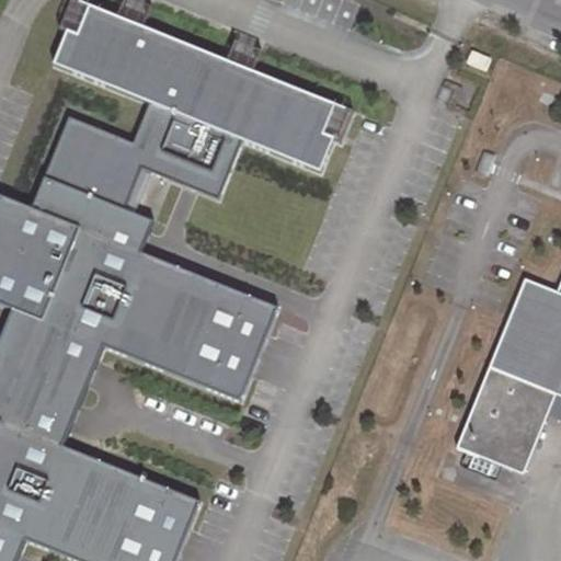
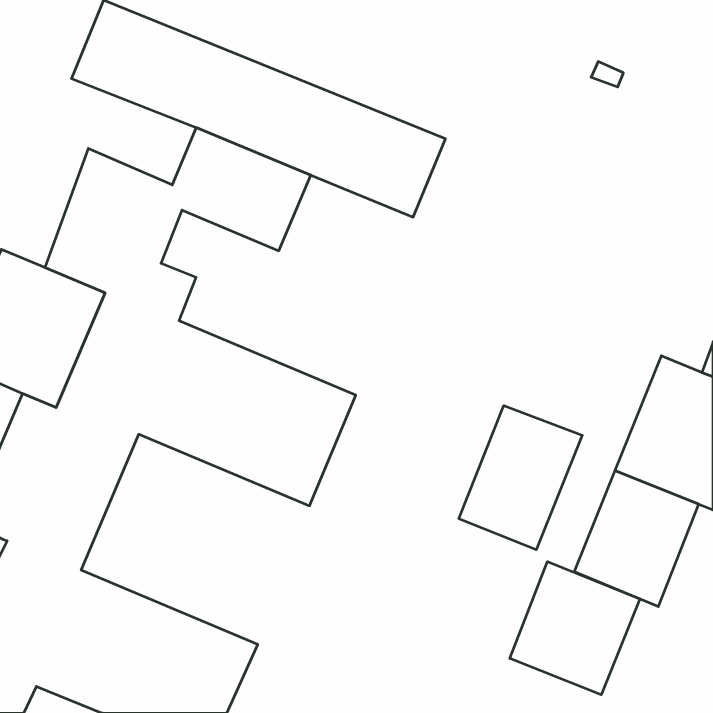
building: none -> [459,406,582,550]
building: none -> [510,562,640,695]

